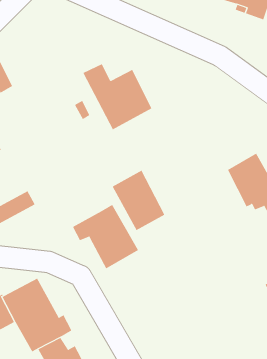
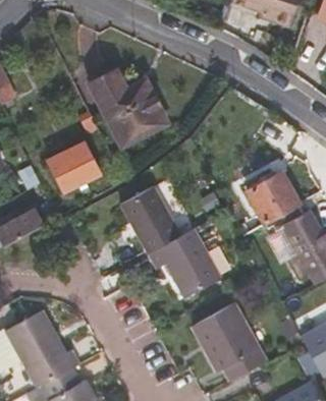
building: none -> [48,142,100,192]
building: [72,204,139,269] -> [150,230,222,300]
building: none -> [194,305,266,382]

